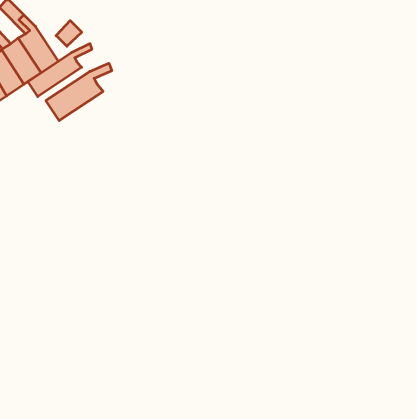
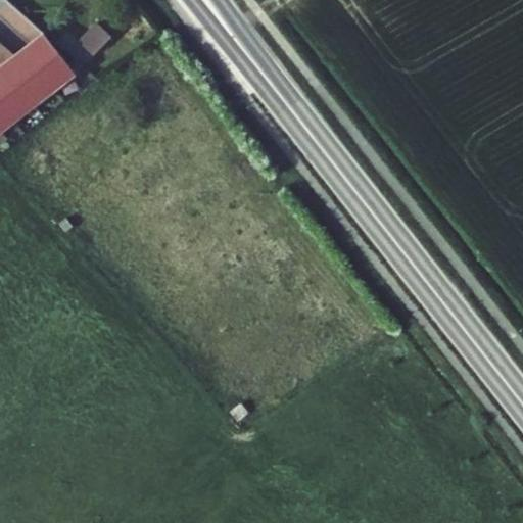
building: [28,44,92,97] -> none
building: [46,63,112,121] -> none

